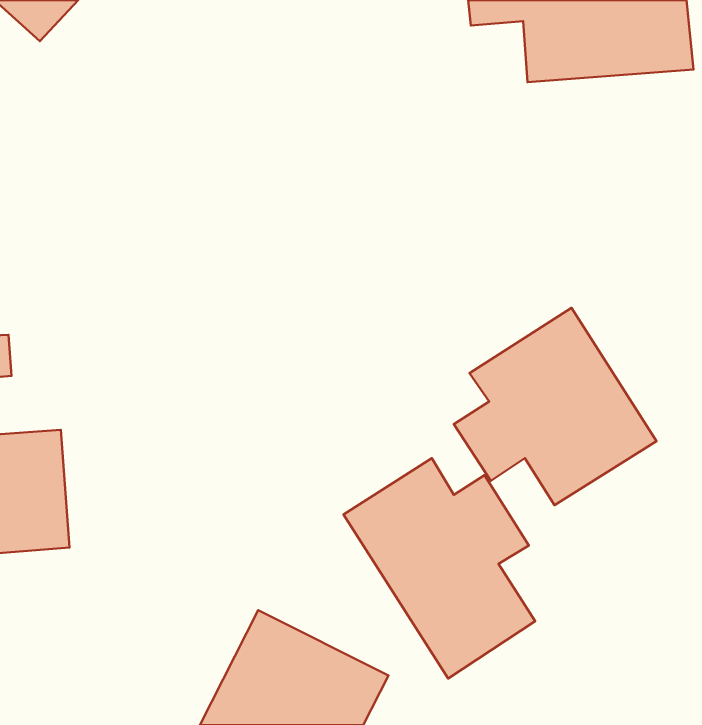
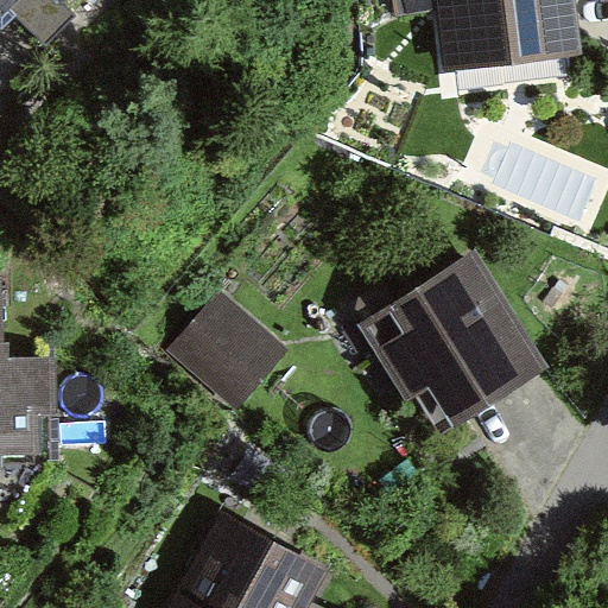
building: none -> [167,296,277,403]
building: [344,458,535,679] -> none

